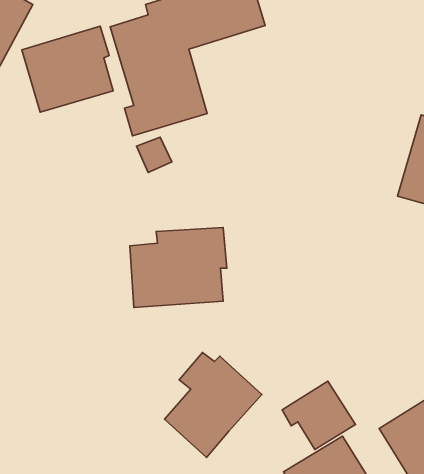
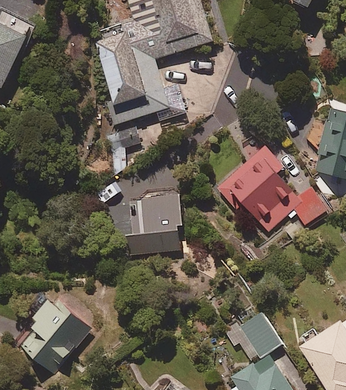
building: [22,26,113,112] -> none
building: none -> [215,146,326,236]
building: [165,352,262,457] -> [18,294,92,374]

